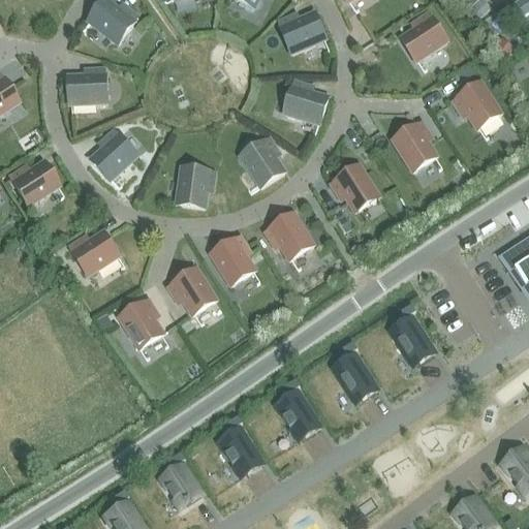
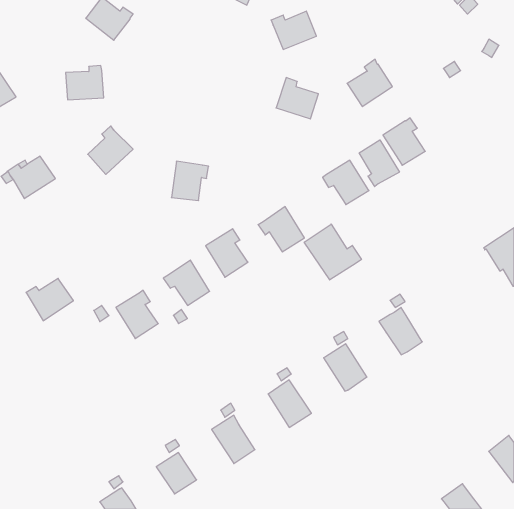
building: [400,11,446,60] -> [347,59,392,107]
building: [453,82,500,127] -> none
building: [240,136,283,185] -> none
building: none -> [359,140,399,187]
building: none -> [304,224,361,280]
building: [69,230,118,274] -> [26,278,73,321]

